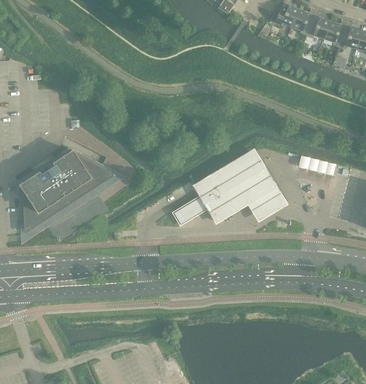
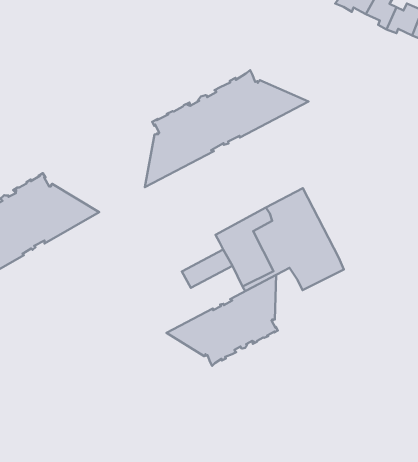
building: none -> [145,70,309,187]
building: none -> [167,275,278,366]

